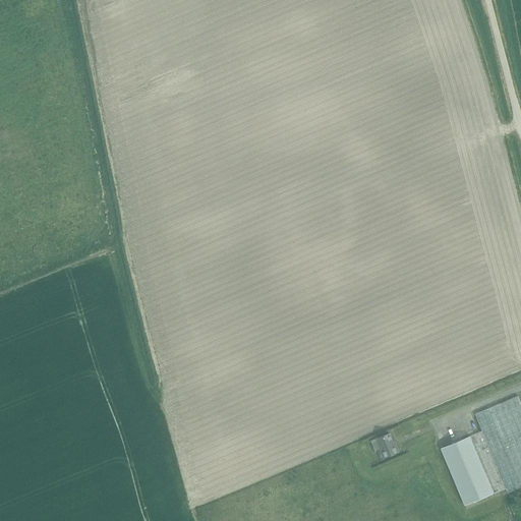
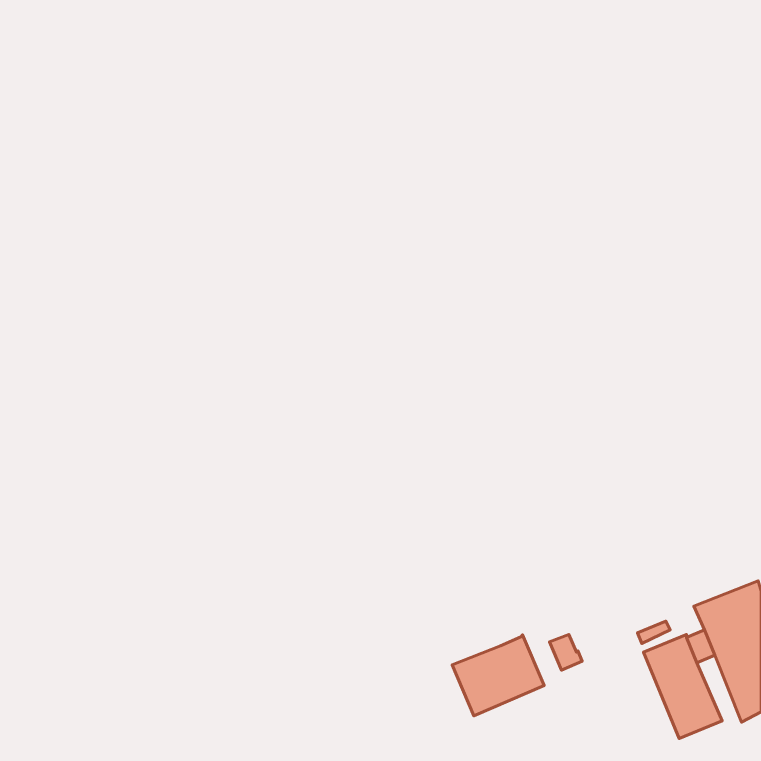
building: none -> [452,635,544,716]

